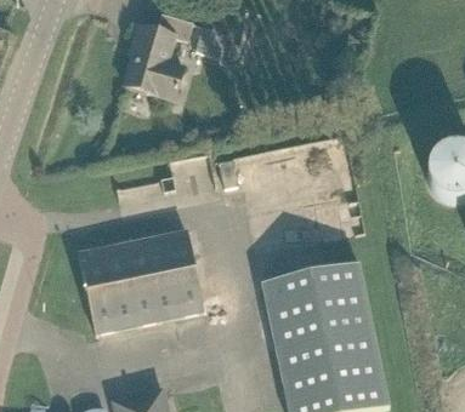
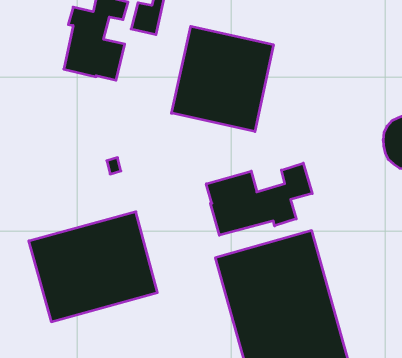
building: none -> [171,26,273,132]
building: none -> [206,163,312,235]

